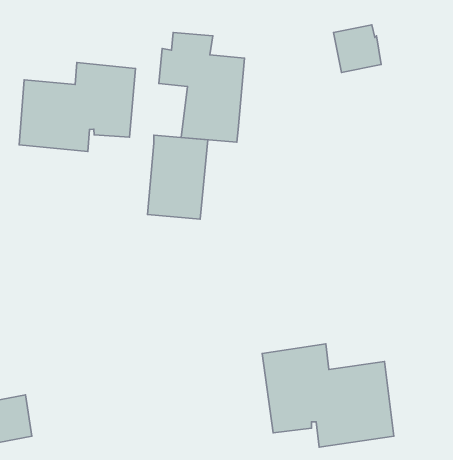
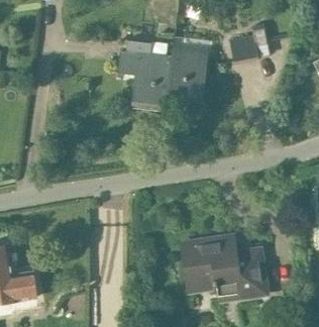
building: [19,63,135,151] -> none
building: [148,135,208,219] -> [168,49,206,103]

